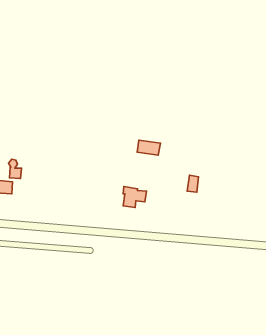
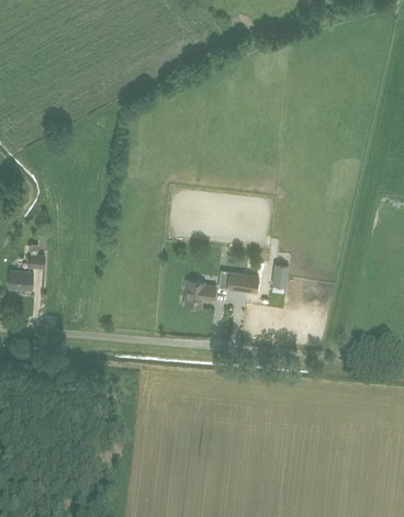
building: [137,140,160,155] -> [226,272,258,293]

